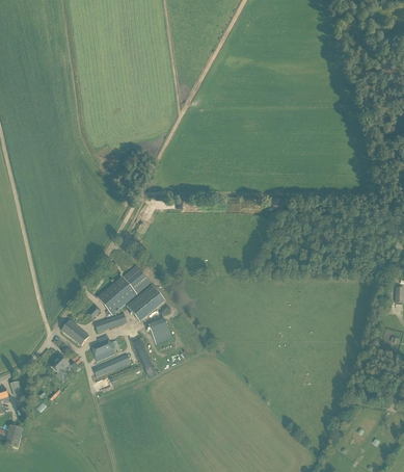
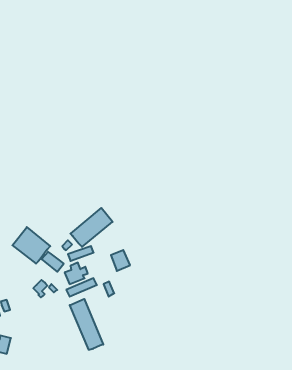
building: [127,285,165,321] -> none
building: none -> [12,227,50,264]
building: none -> [70,299,103,350]

